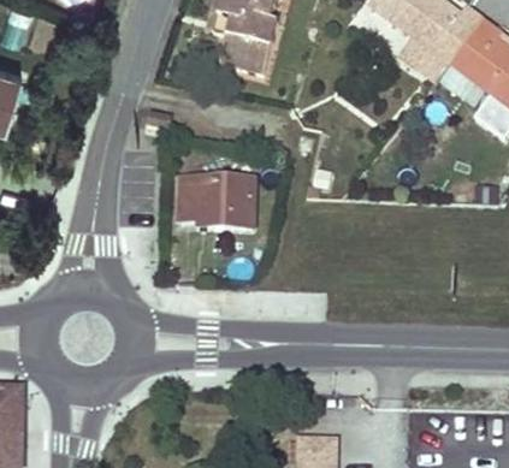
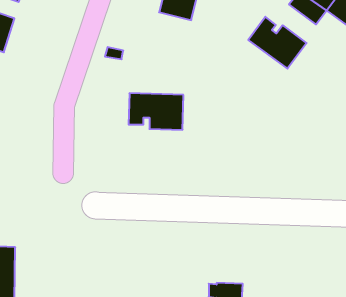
building: none -> [248,17,307,69]

